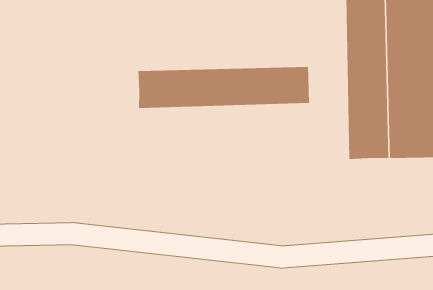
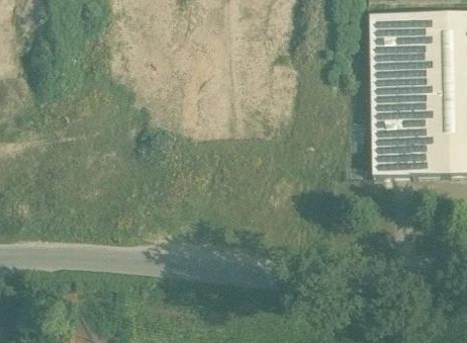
building: [138,66,309,109] -> none

